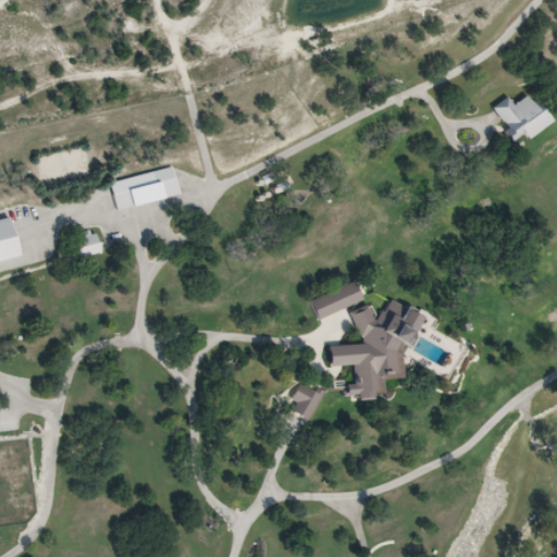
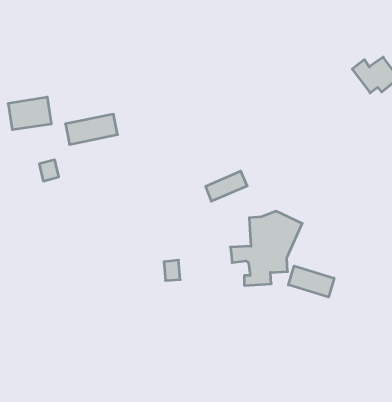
building: [310,280,366,320] -> [206,171,247,201]
building: none -> [288,266,334,297]
building: [295,388,317,416] -> [164,260,180,280]

